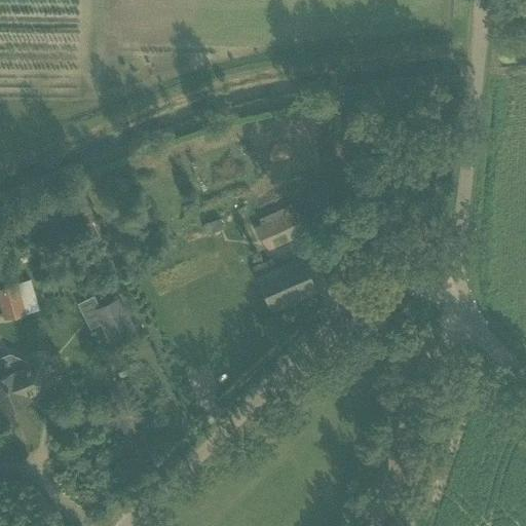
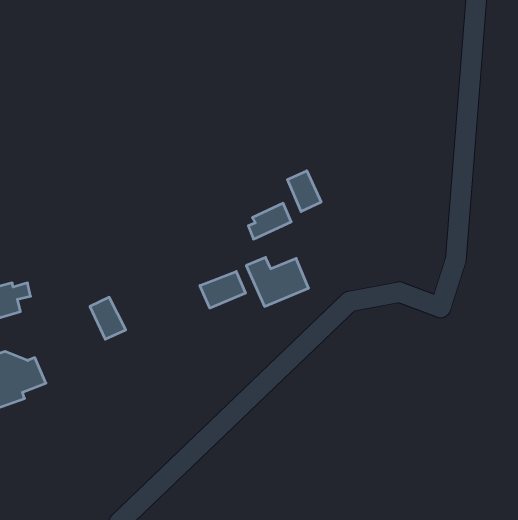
building: none -> [287,171,321,212]
building: none -> [200,271,245,308]

